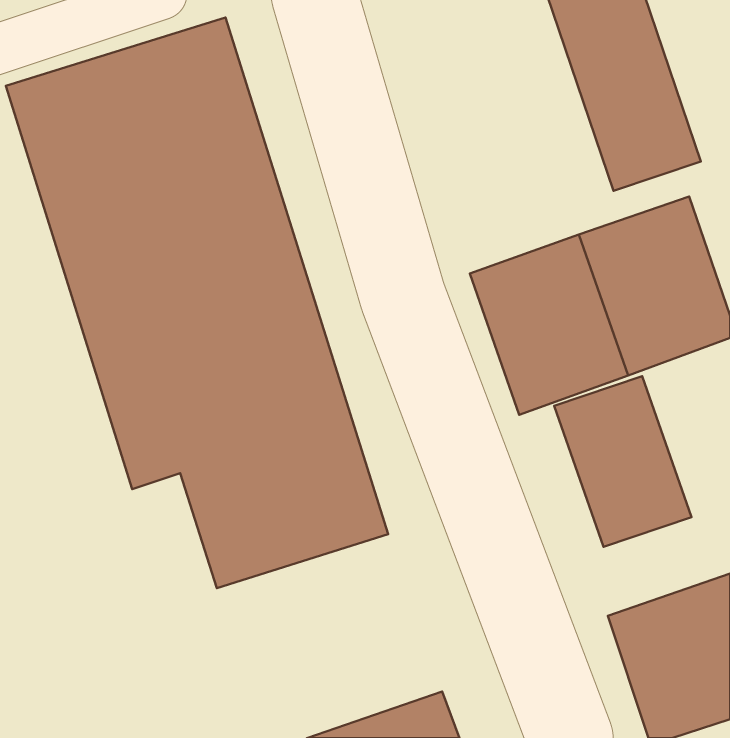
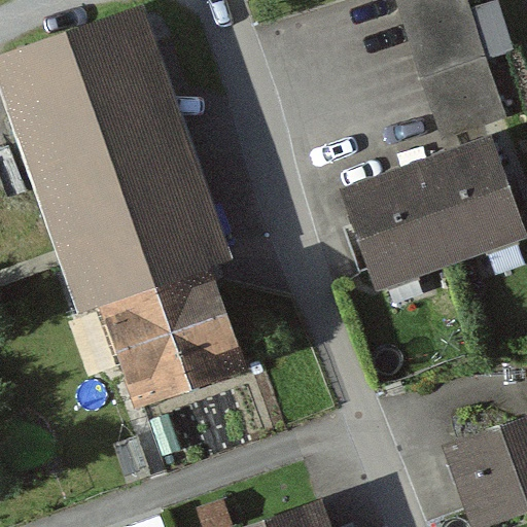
building: [554,376,692,547] -> none

